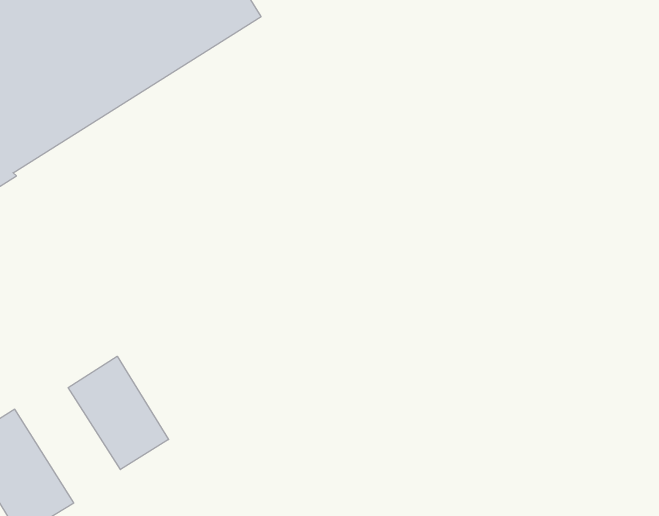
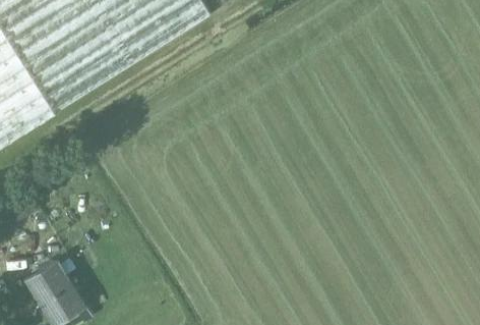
building: [68,356,169,470] -> none

